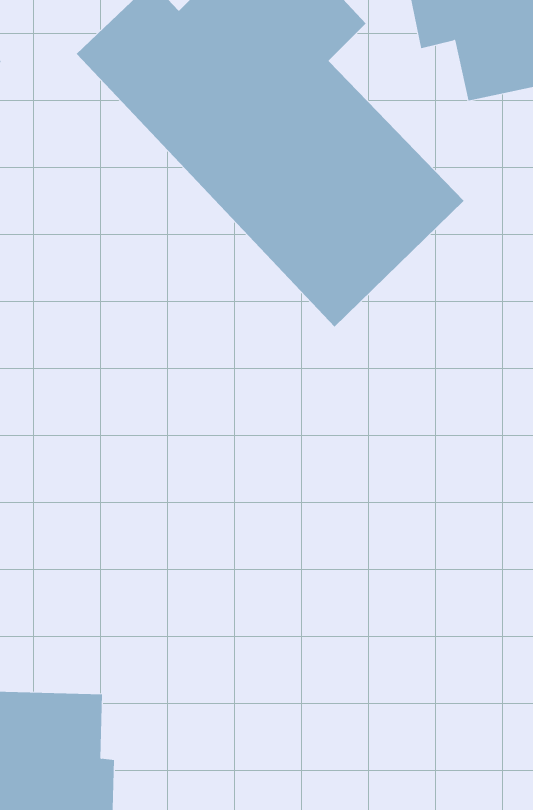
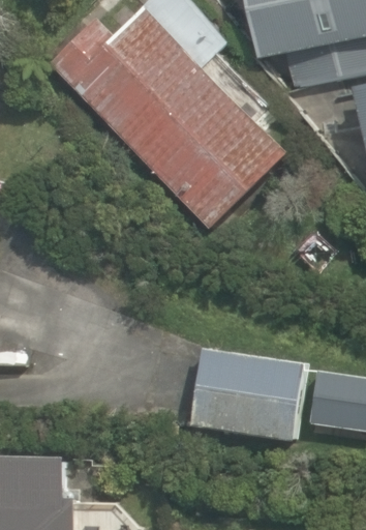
building: none -> [181,348,304,441]

